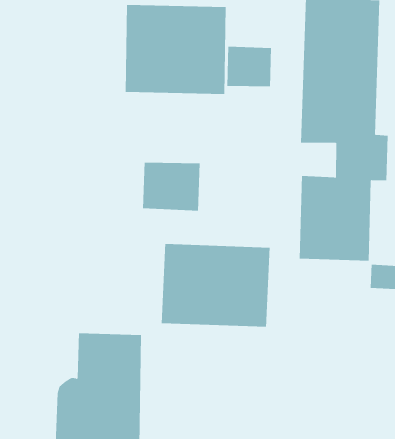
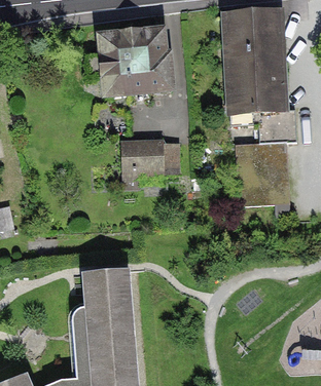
building: [227,46,271,87] -> none
building: [161,243,270,327] -> none

